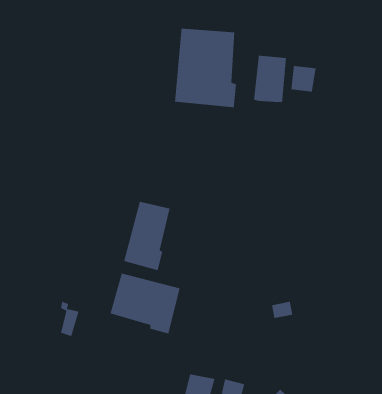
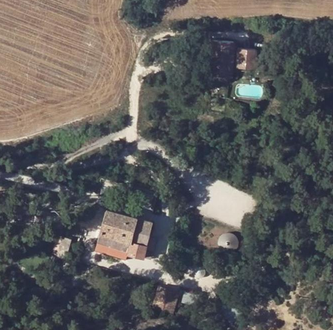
building: [174,28,237,108] -> none
building: [123,201,171,271] -> none

